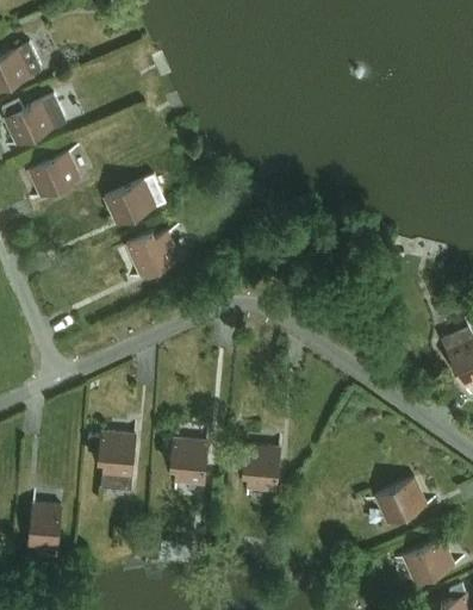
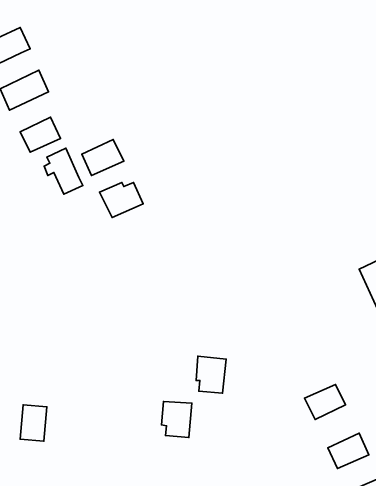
building: none -> [44,148,83,194]
building: [86,431,135,488] -> none
building: [170,438,207,483] -> [162,401,192,437]

